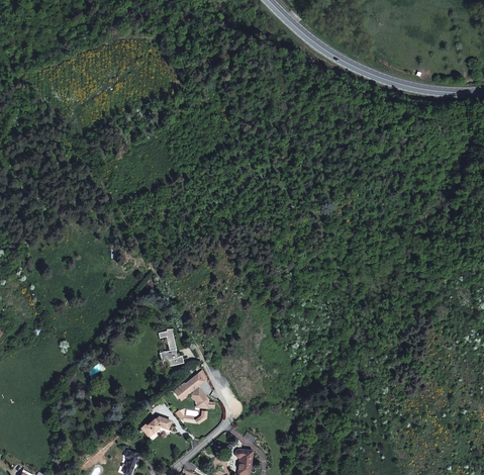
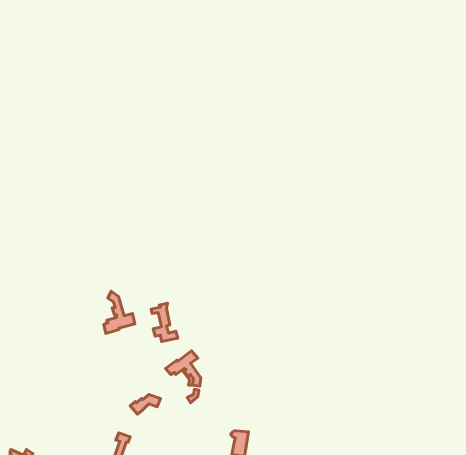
building: none -> [104,291,135,333]

